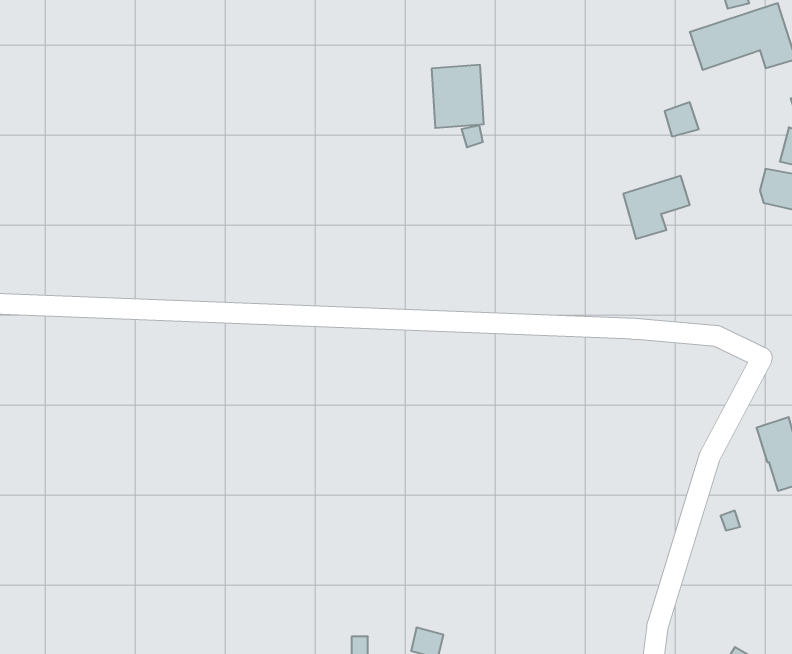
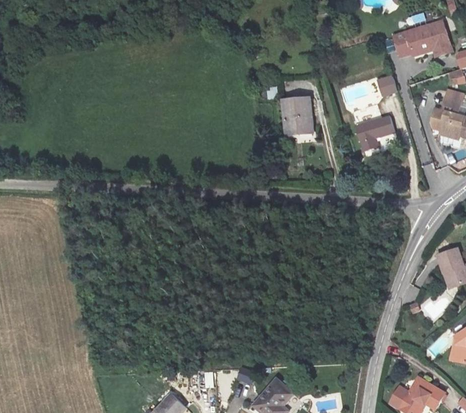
building: [432,65,484,128] -> [284,97,313,132]

